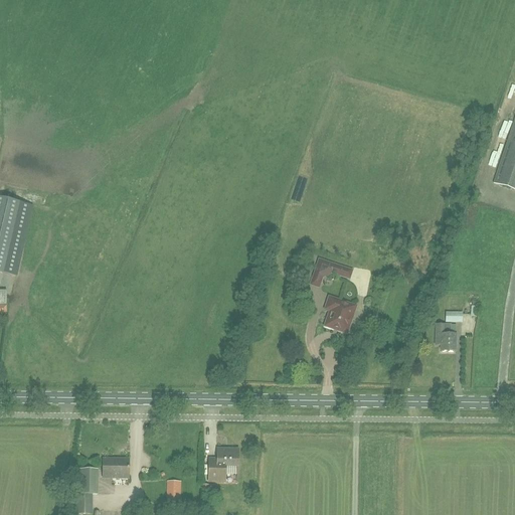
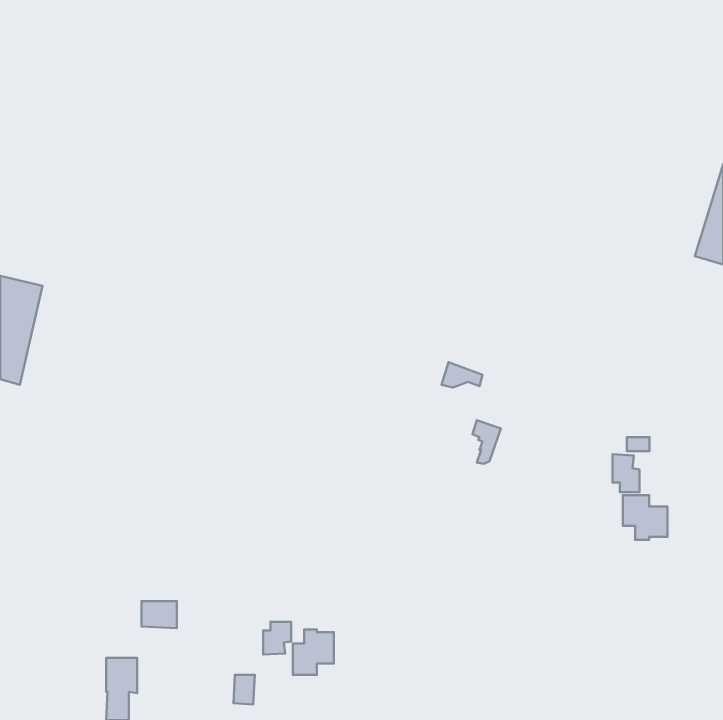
building: [326,296,343,329] -> none
building: none -> [623,495,668,540]
building: none -> [263,622,291,655]
building: [103,458,128,477] -> [142,601,177,628]

